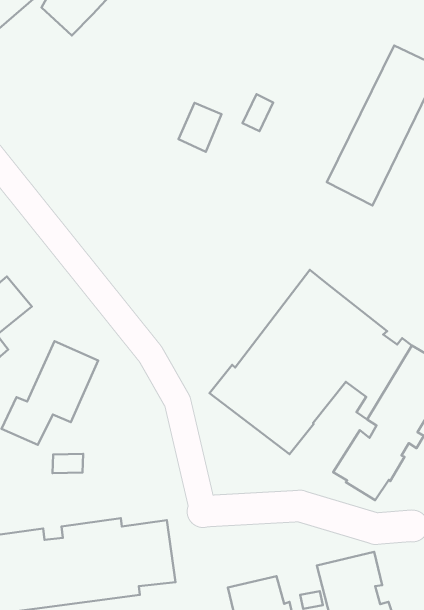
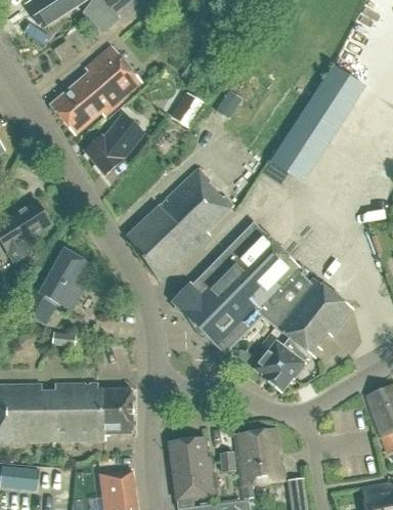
building: none -> [50,45,143,135]
building: none -> [84,117,141,174]
building: none -> [127,168,232,281]

